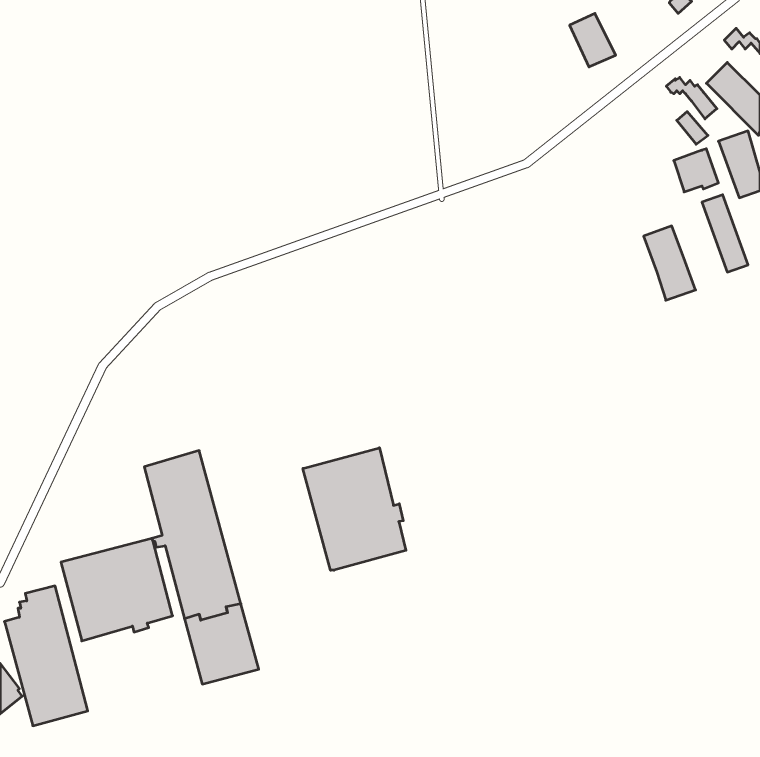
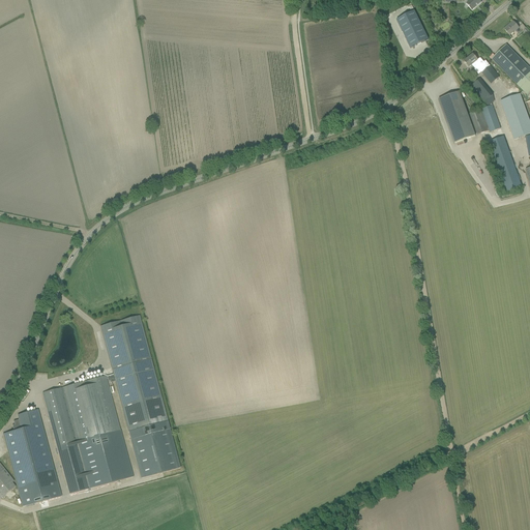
building: [644,226,696,300] -> [439,90,475,142]
building: [303,448,406,570] -> none
building: none -> [57,429,132,492]

